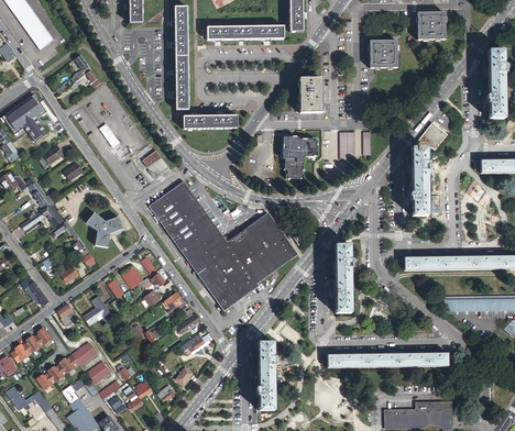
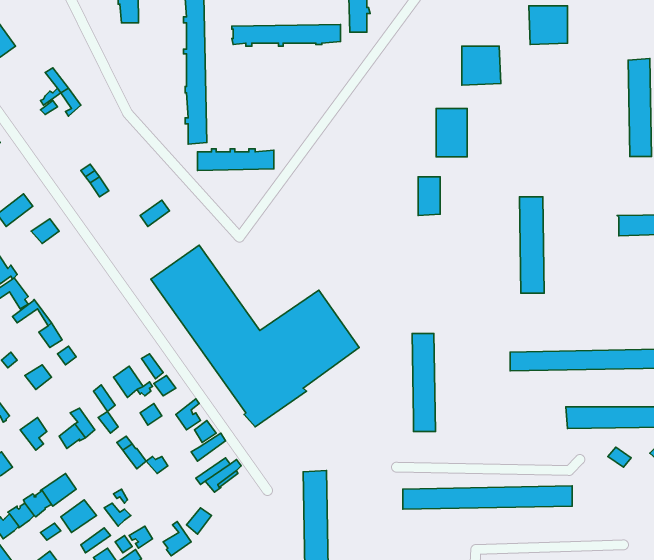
building: [299,78,321,112] -> [436,109,467,157]
building: [416,121,447,150] -> none
building: [282,136,317,179] -> none
building: [87,212,124,247] -> none

